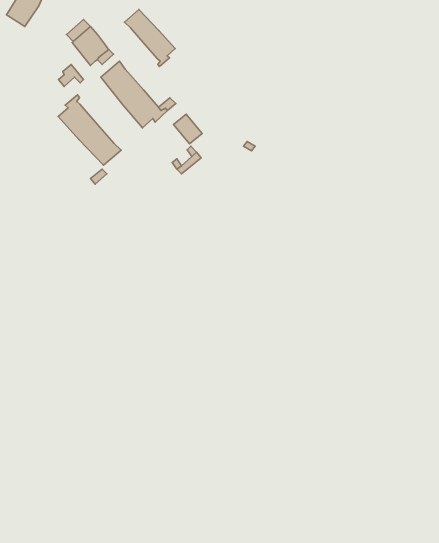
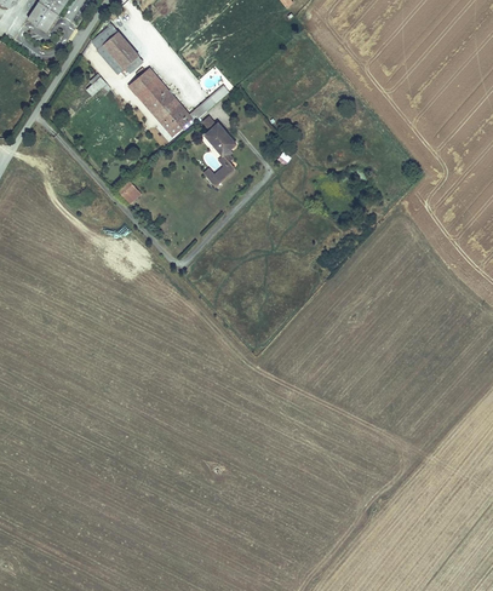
building: [125,10,175,66] -> none
building: [58,95,121,165] -> none

